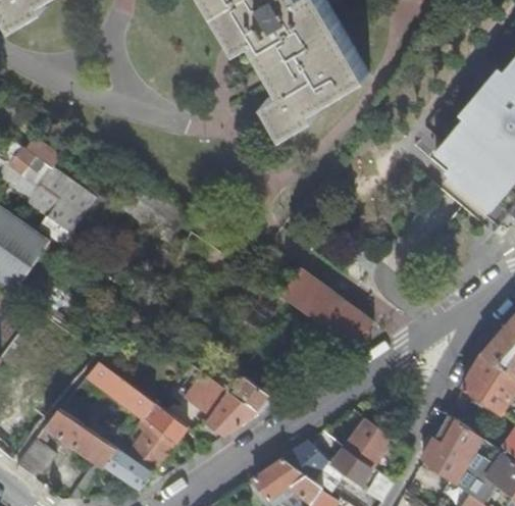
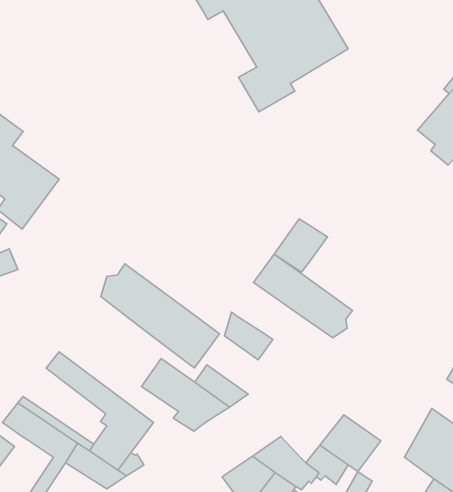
building: none -> [274,219,327,272]
building: none -> [101,264,219,368]
building: none -> [225,312,273,360]

